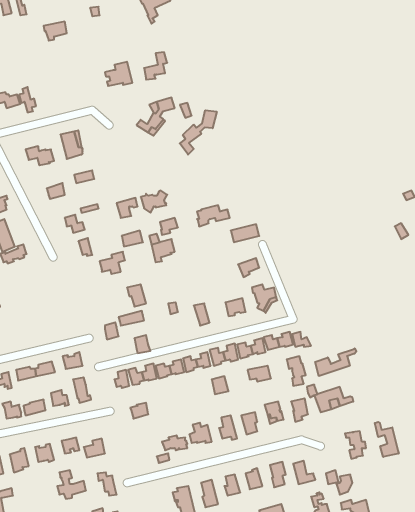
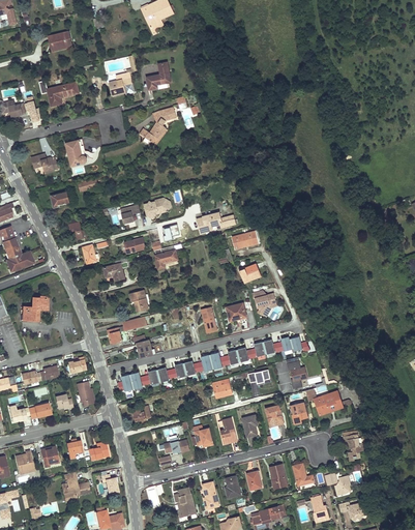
building: none -> [39,81,79,106]
building: [180,110,217,155] -> none
building: none -> [23,297,49,321]
building: [315,348,356,376] -> none
building: [375,422,399,457] -> none

